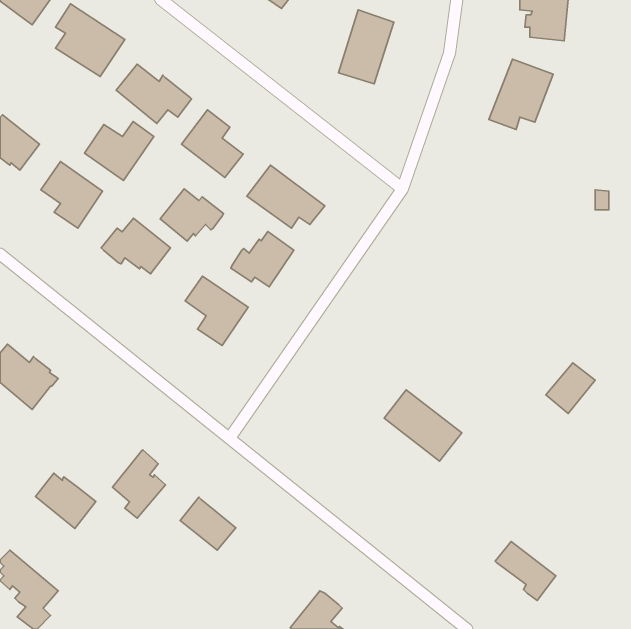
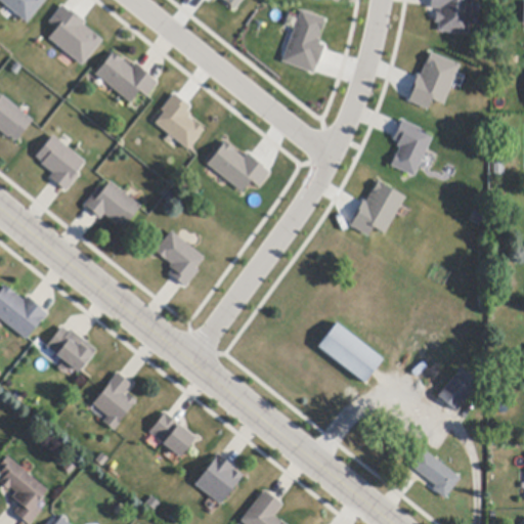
building: [84,122,154,180] -> none
building: none -> [390,117,432,175]
building: [160,189,224,241] -> none
building: none -> [349,177,404,234]
building: [231,232,294,287] -> none
building: [546,363,595,413] -> [438,369,479,411]
building: [35,473,96,529] -> [47,326,97,373]
building: none -> [195,454,243,505]

